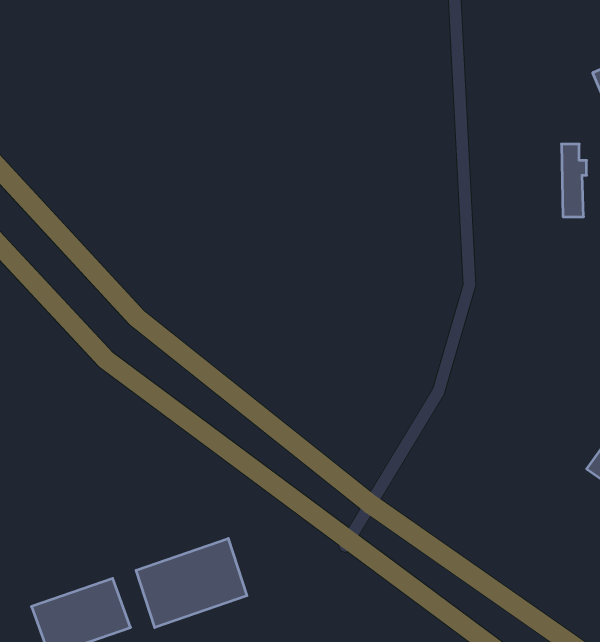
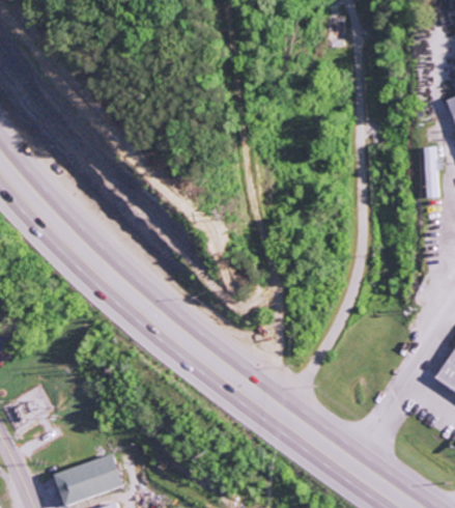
building: [136,538,247,628] -> none

